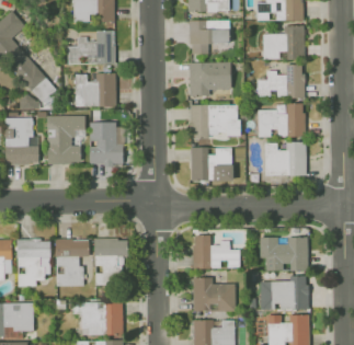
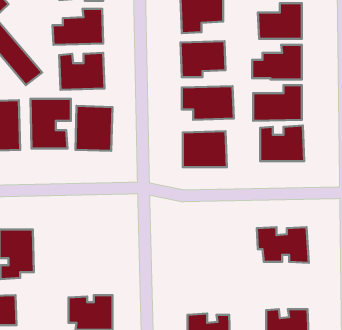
building: [194,237,241,269] -> none
building: [57,239,90,287] -> none
building: [94,239,129,286] -> none
building: [261,277,309,310] -> none
building: [194,278,236,312] -> none

